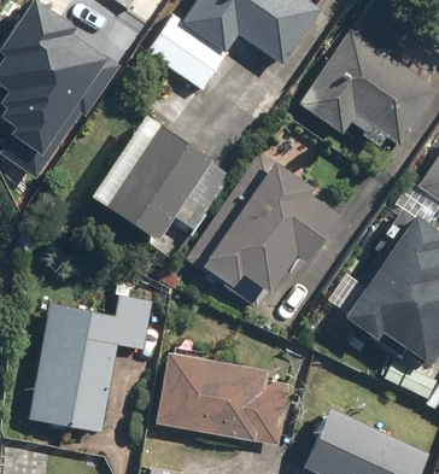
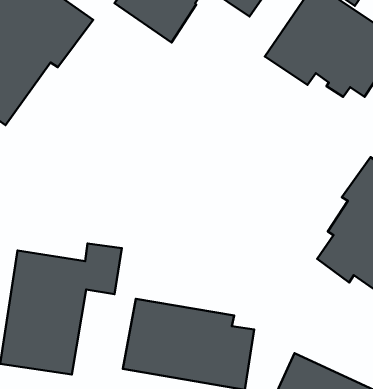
building: [94,121,223,238] -> none
building: [185,152,335,293] -> none

